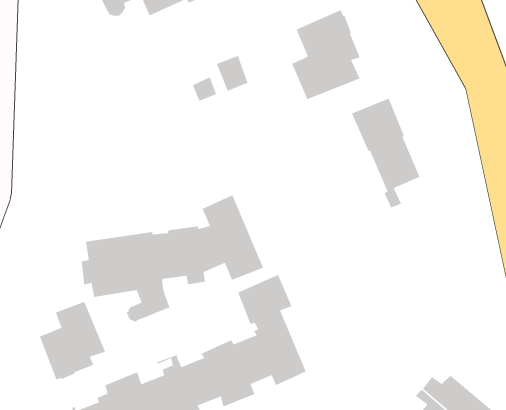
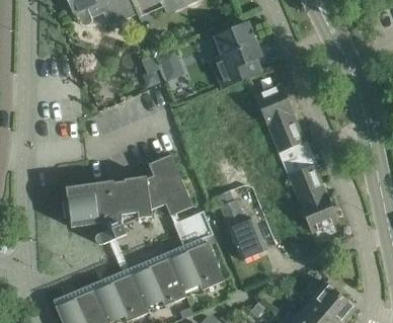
building: none -> [283,160,337,231]
building: none -> [208,189,266,259]
building: [39,301,106,380] -> none

